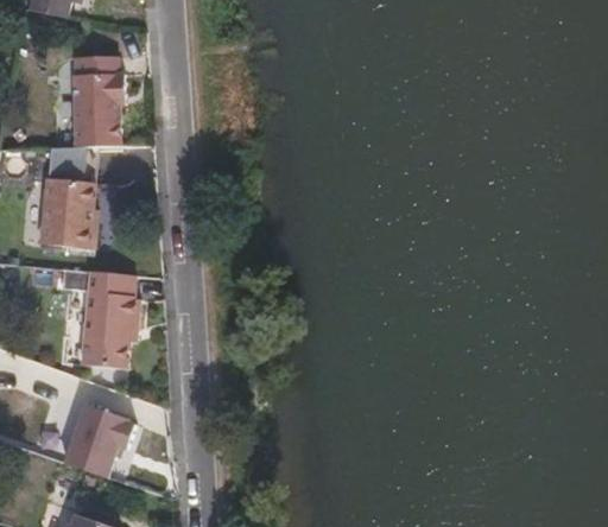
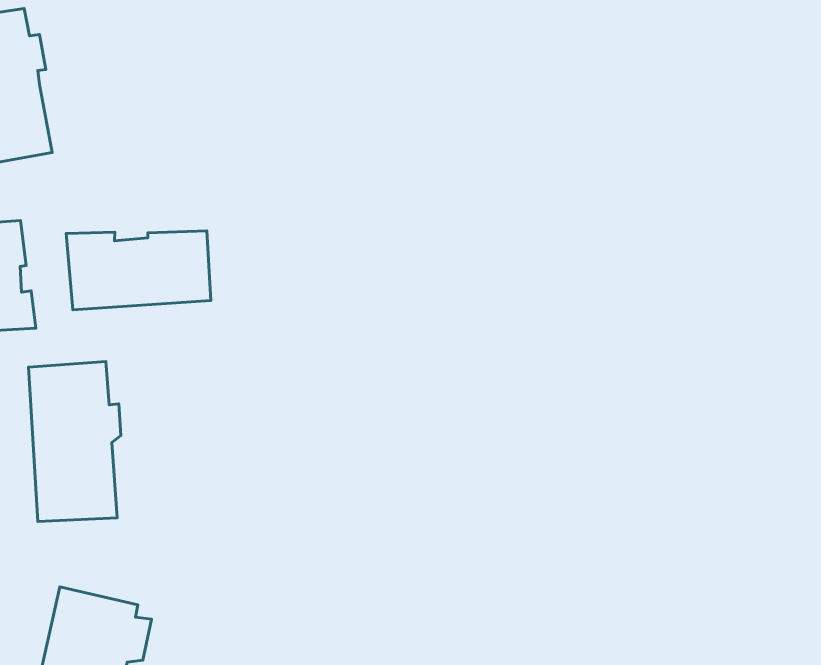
building: none -> [66,231,211,310]

